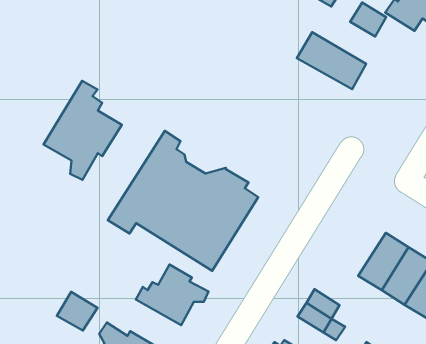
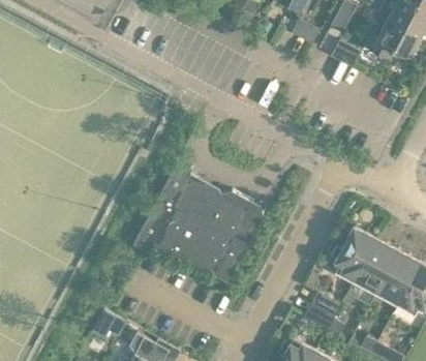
building: [297,32,366,89] -> none
building: [44,81,122,180] -> none
building: none -> [330,227,375,277]
building: [136,265,209,325] -> none

